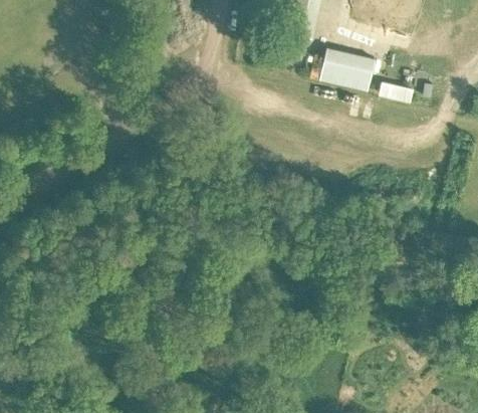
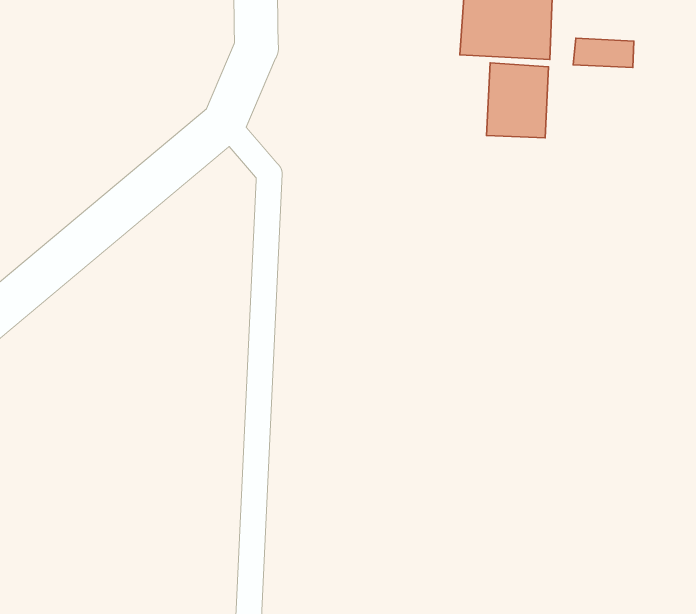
building: none -> [486,63,548,138]

